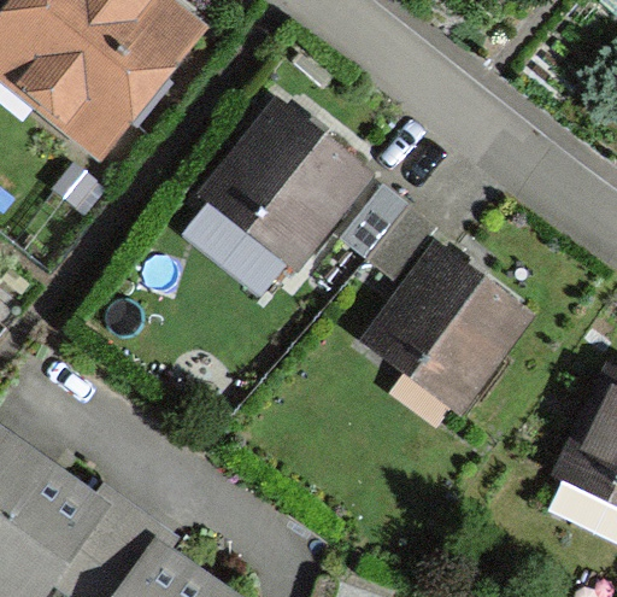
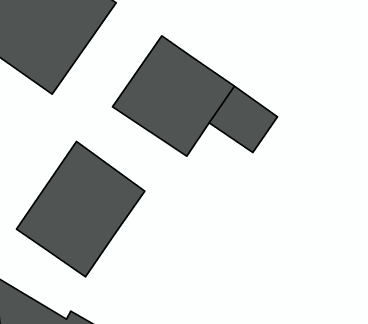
building: none -> [16,141,145,277]
building: [359,246,529,412] -> none

